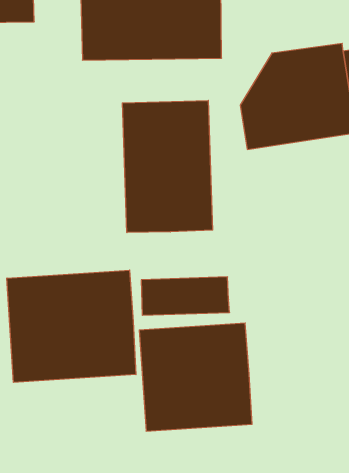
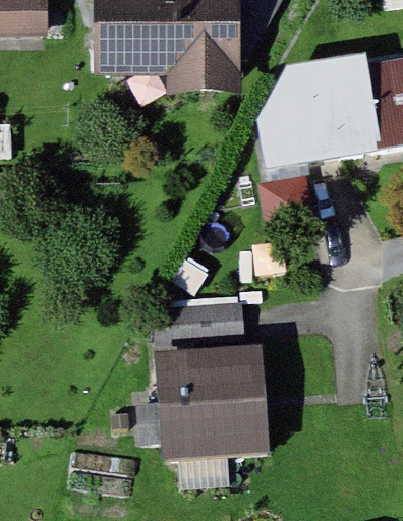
building: [122,100,213,233] -> none
building: [7,270,136,382] -> none

